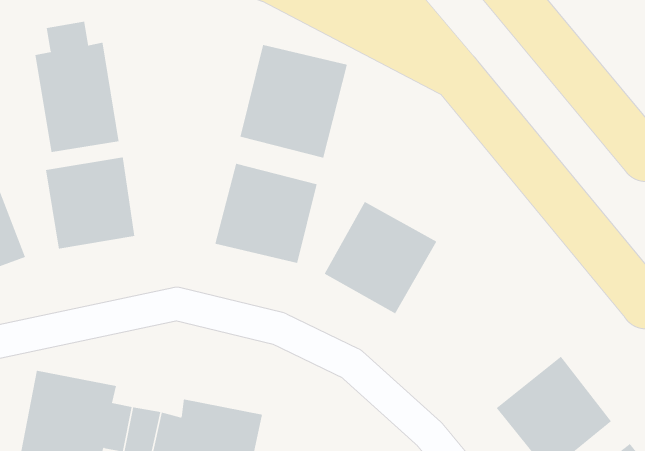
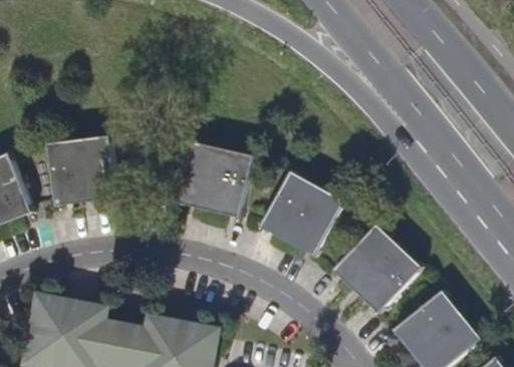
building: [35,21,119,153] -> none
building: [240,44,348,159] -> none
building: none -> [331,223,423,314]

